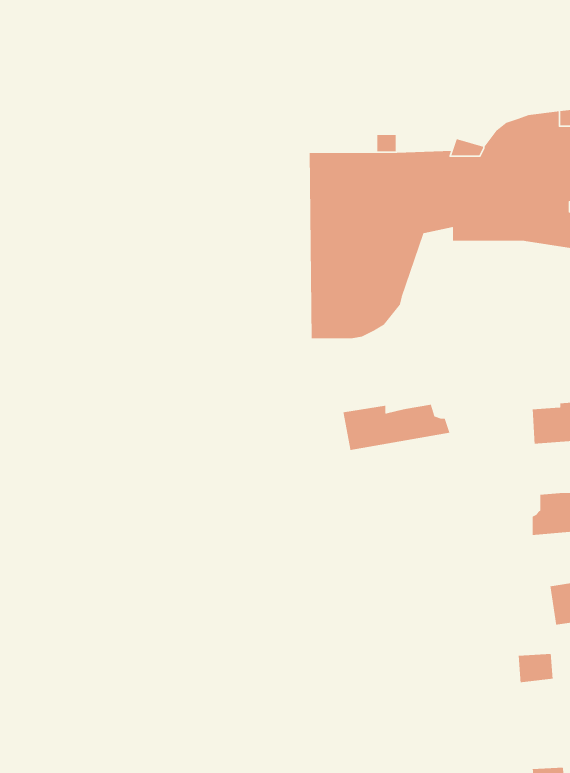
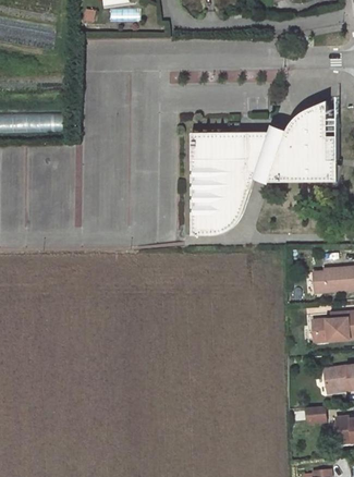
building: [342,404,450,451] -> none

